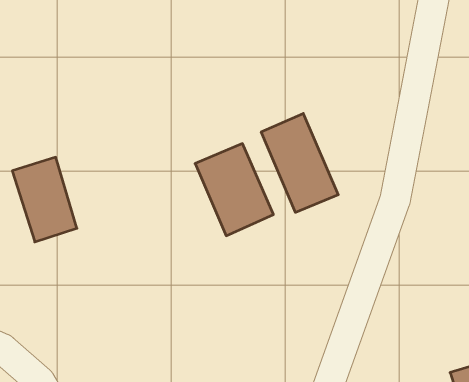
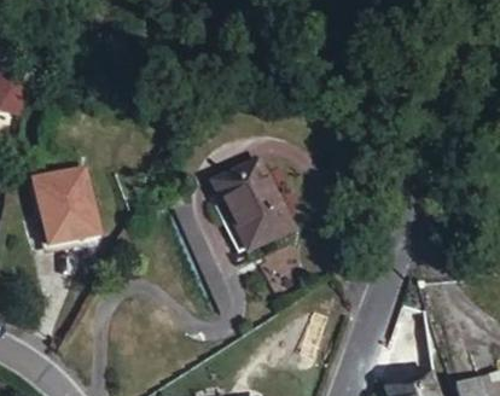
building: [261,113,338,212] -> none

